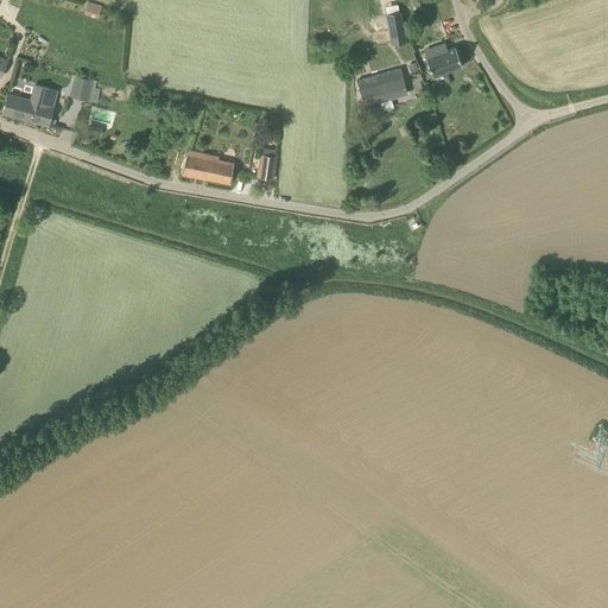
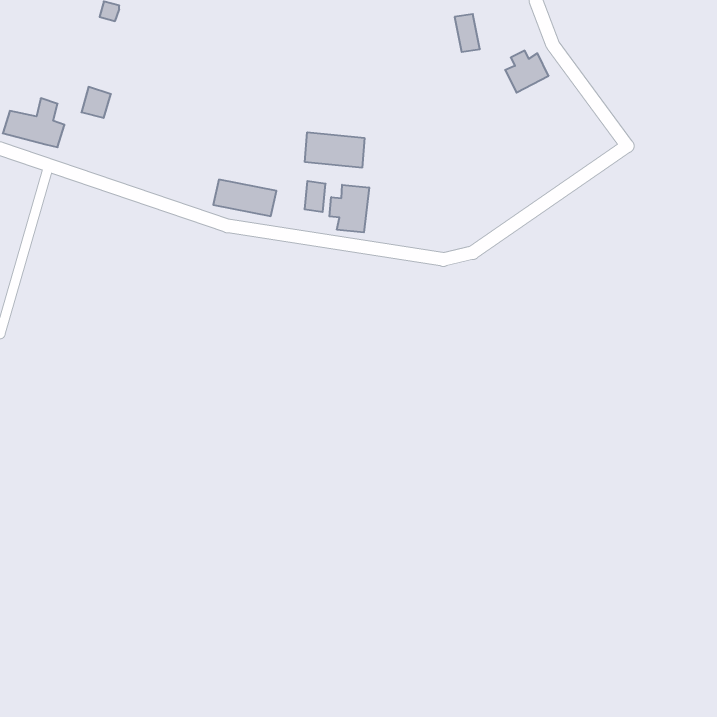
building: [356,68,407,116] -> none
building: none -> [305,132,364,168]
building: none -> [329,185,369,232]

